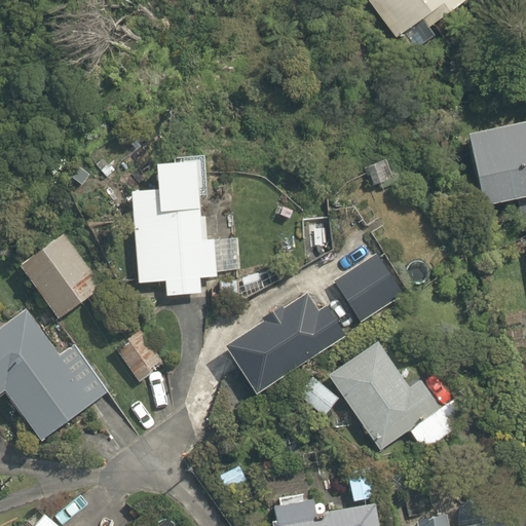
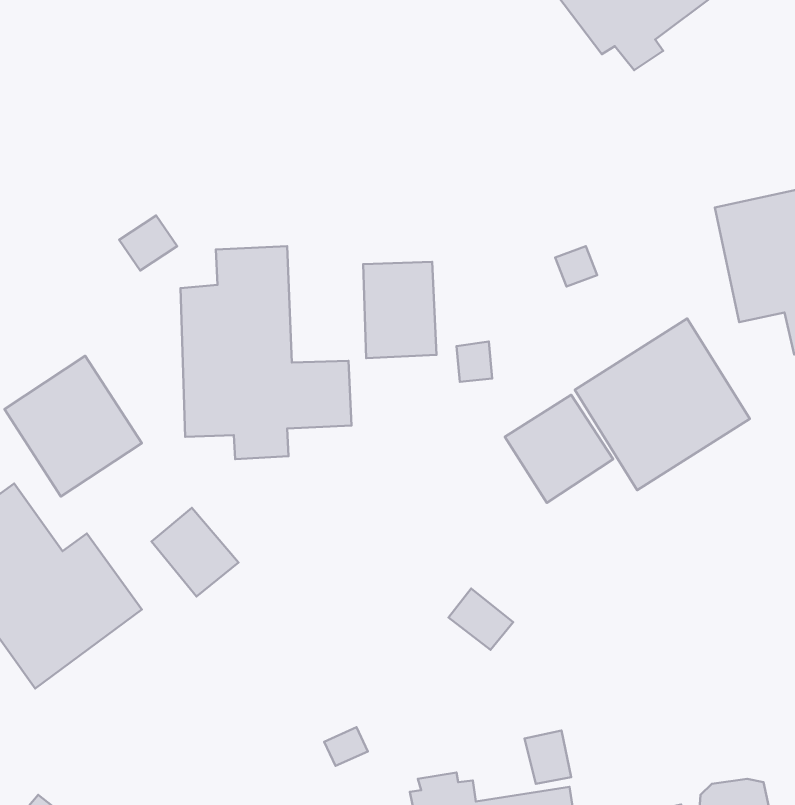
building: none -> [363,262,437,358]
building: none -> [575,318,750,490]
building: [227,294,348,396] -> none
building: [330,342,476,450] -> none

